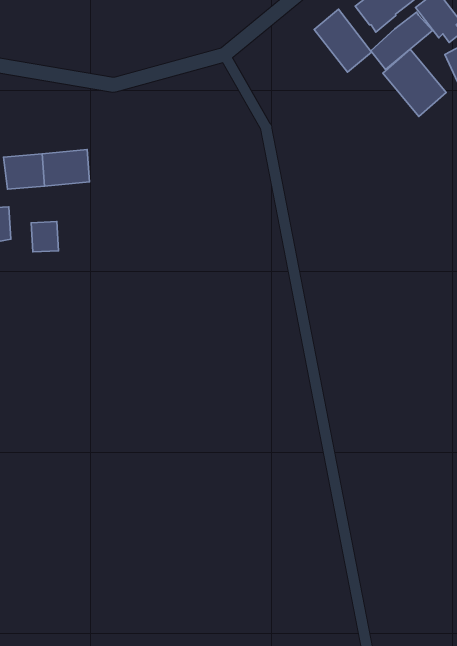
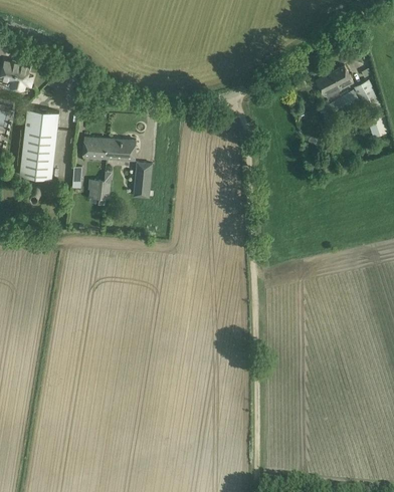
building: [314,9,372,72] -> none
building: [383,49,446,117] -> none
building: none -> [133,162,151,197]

